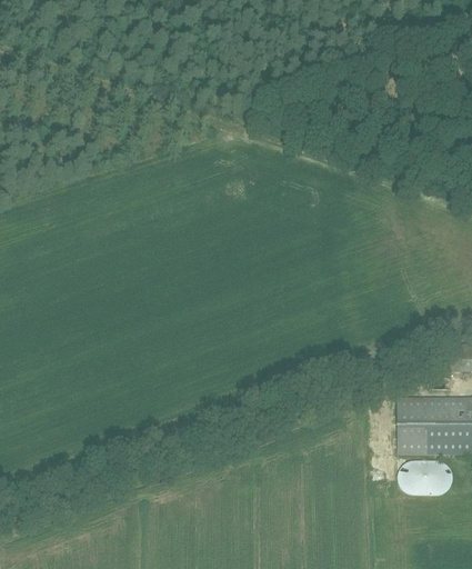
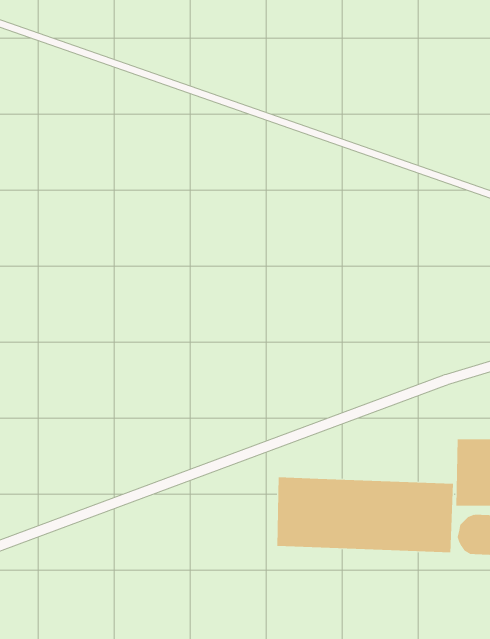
building: none -> [277,477,454,553]

